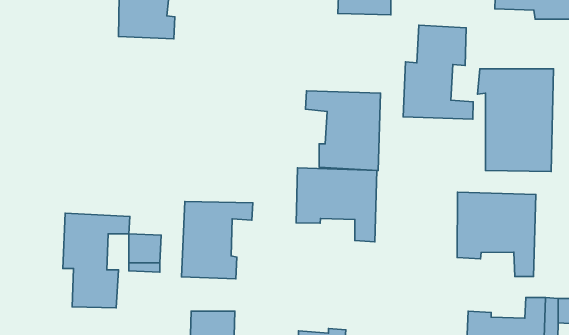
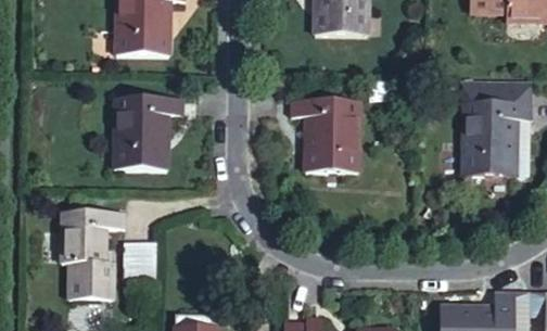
building: [403,25,473,119] -> none
building: [296,168,377,242] -> none
building: [457,192,536,276] -> none
building: [181,202,253,279] -> [112,97,179,169]

